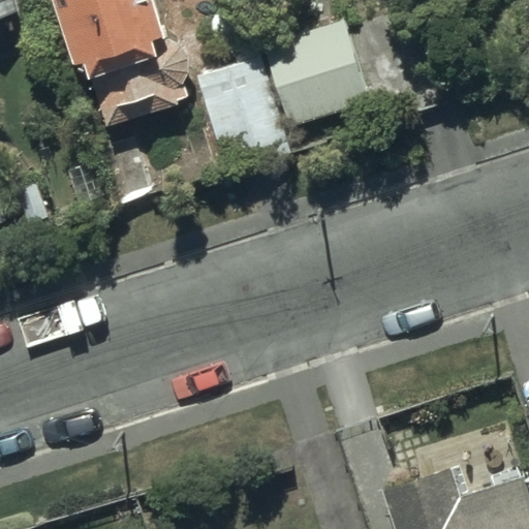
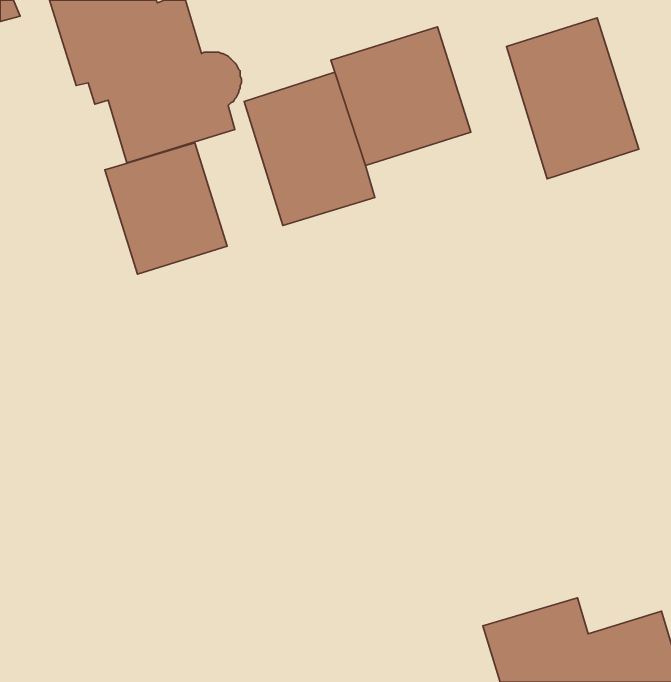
building: none -> [506,18,639,179]
building: none -> [105,143,227,274]

